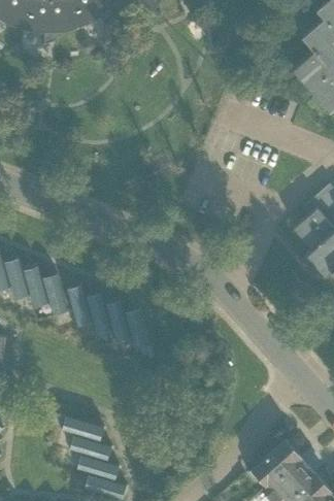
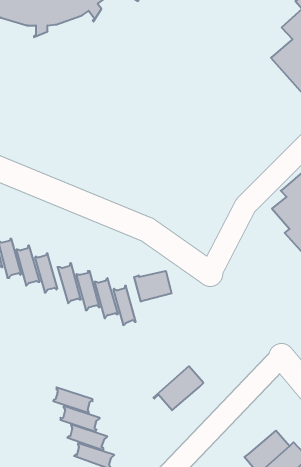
building: none -> [134,271,172,302]
building: [247,438,300,485] -> [153,366,203,410]

